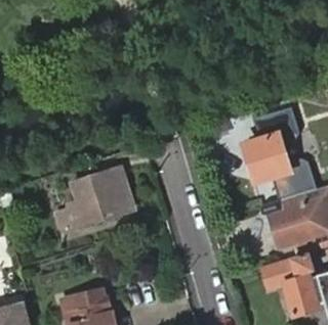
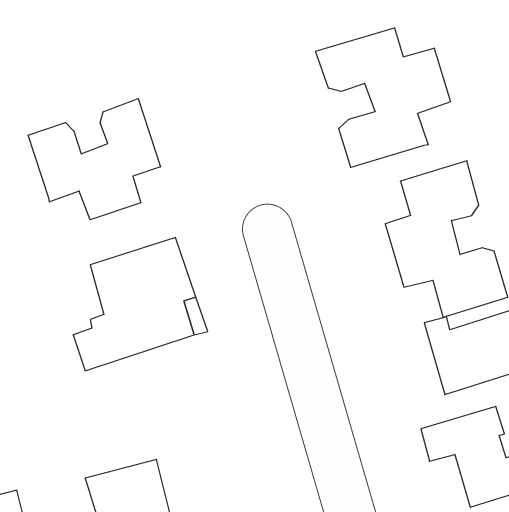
building: none -> [315,28,451,167]
building: none -> [28,99,160,220]

